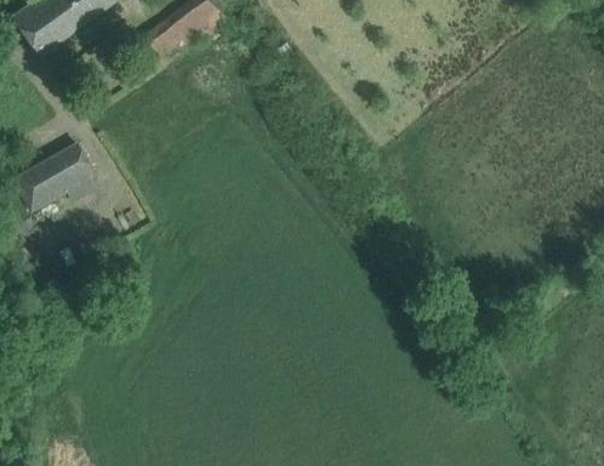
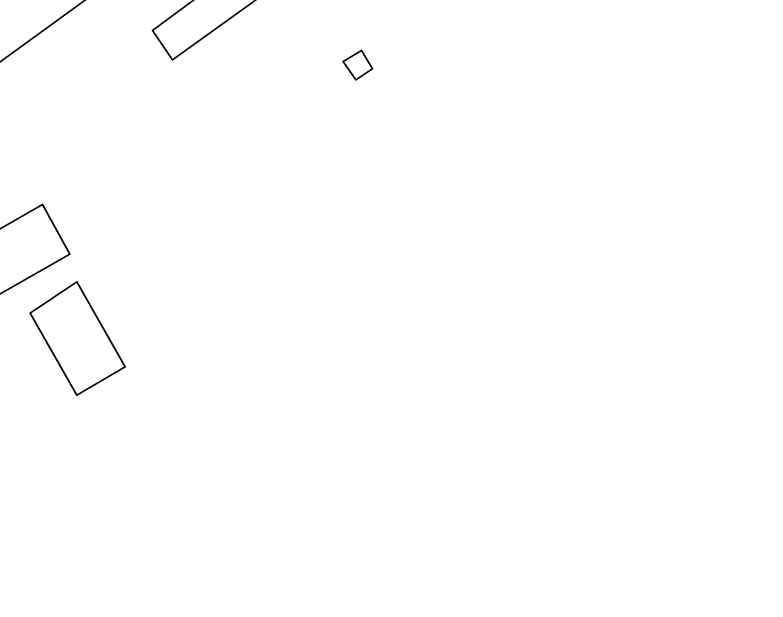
building: none -> [30,282,125,395]

